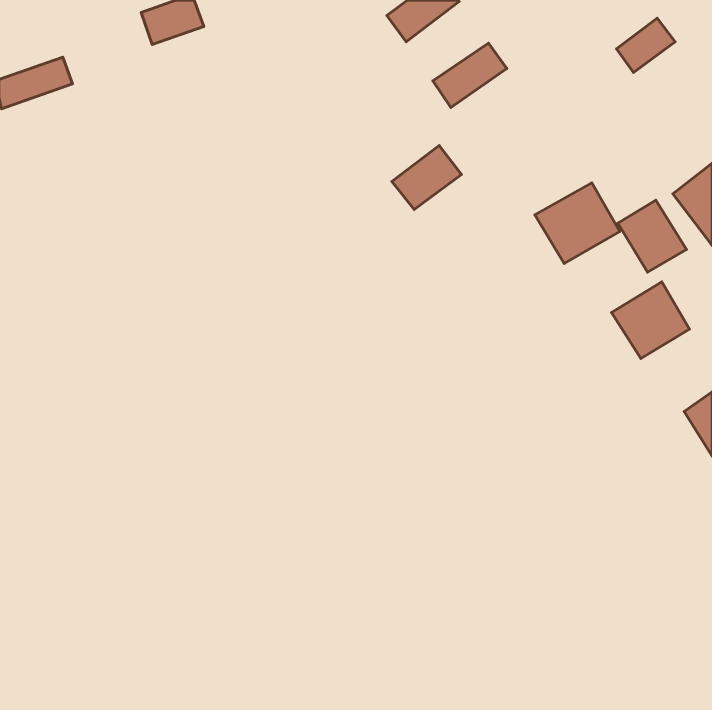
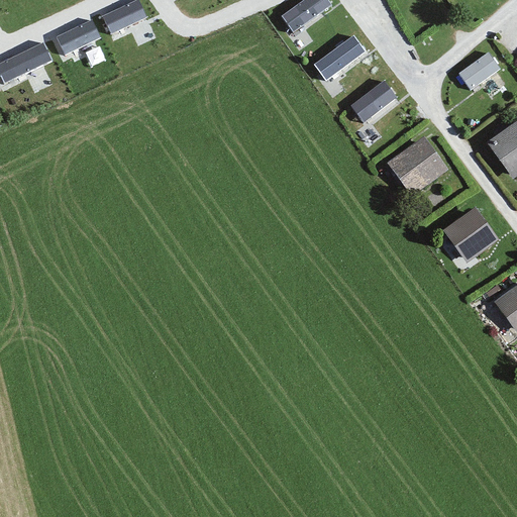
building: [617,18,675,72] -> [458,49,501,89]
building: none -> [56,18,101,55]
building: [392,145,462,210] -> [349,78,400,124]
building: [618,200,686,272] -> none

